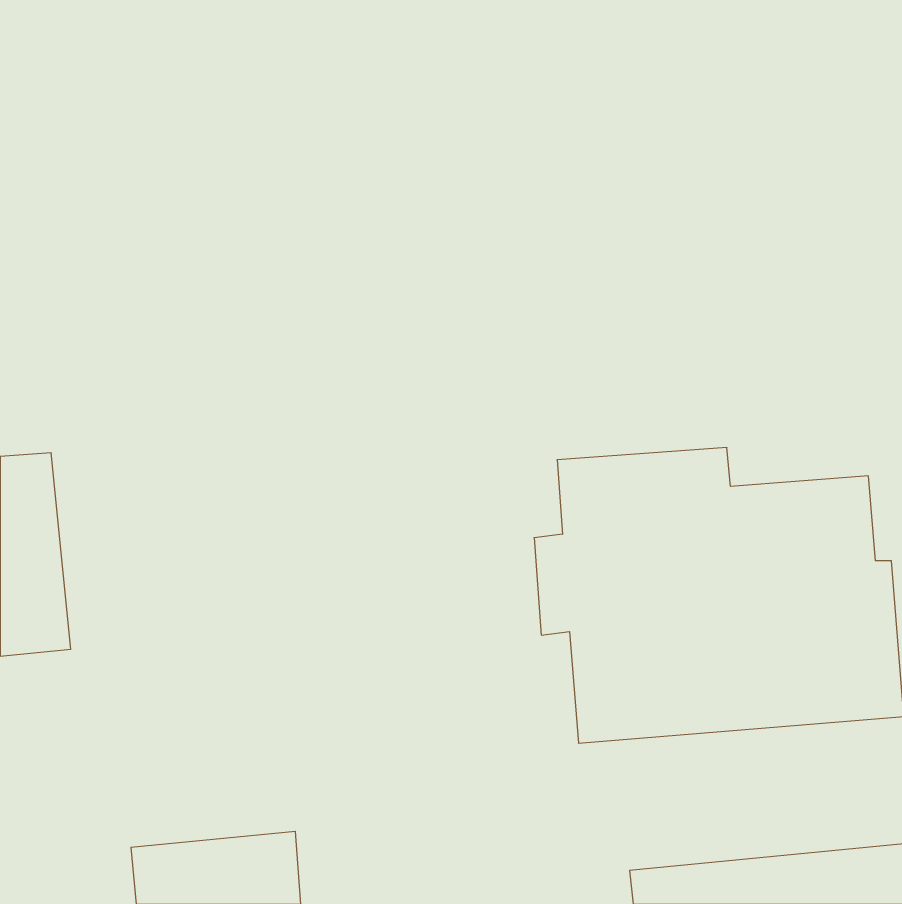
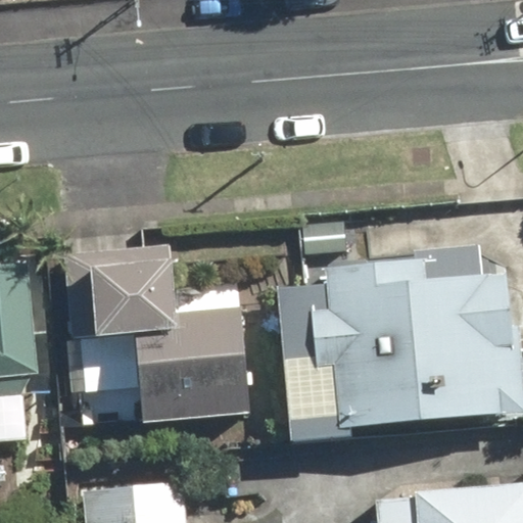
building: none -> [63,244,244,421]

